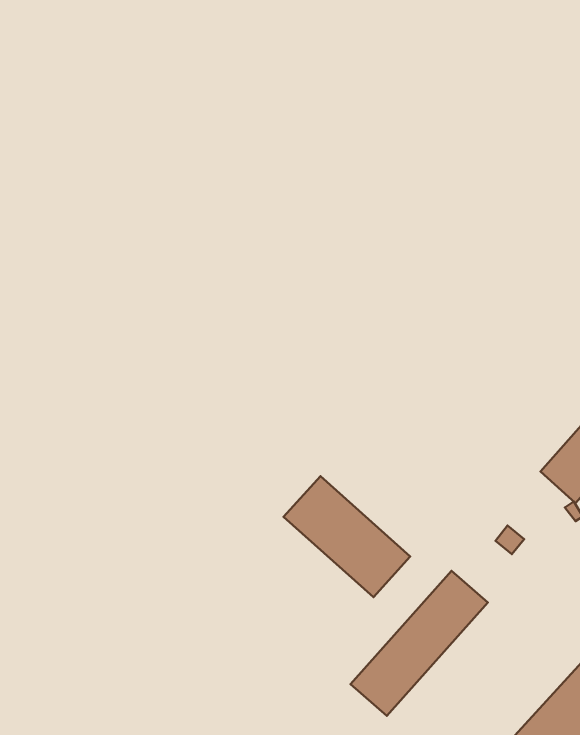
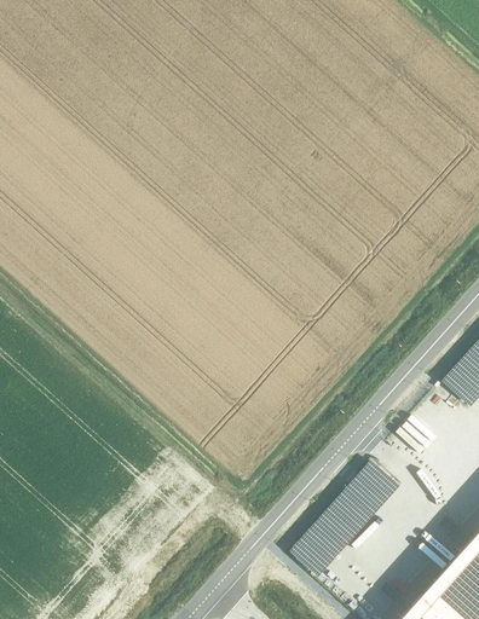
building: [284,476,410,597] -> none

